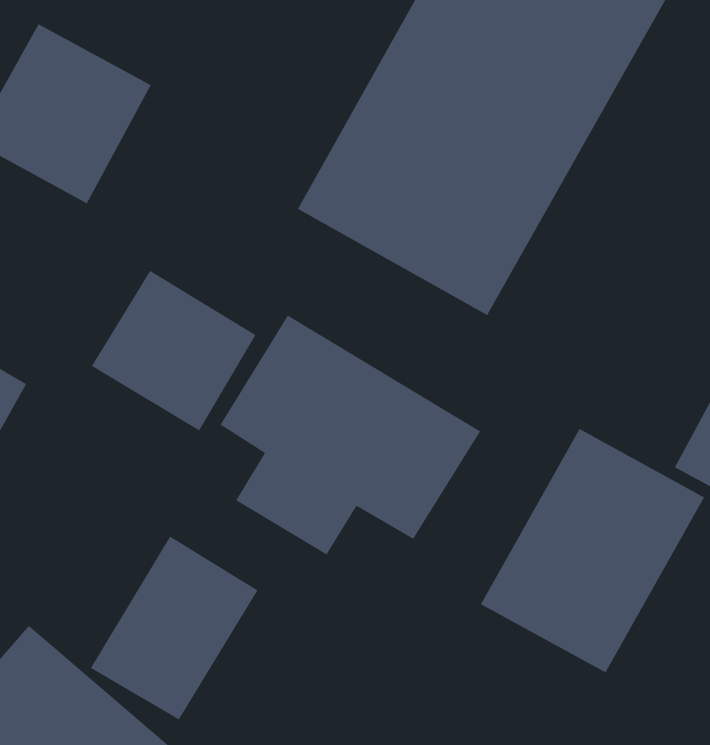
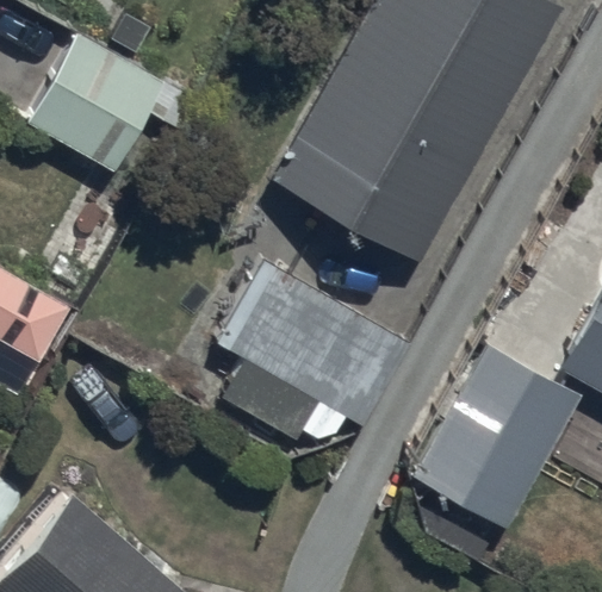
building: [91,270,257,432] -> none
building: [90,536,258,720] -> none

